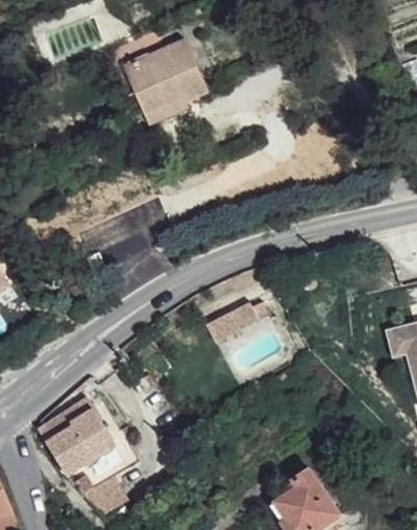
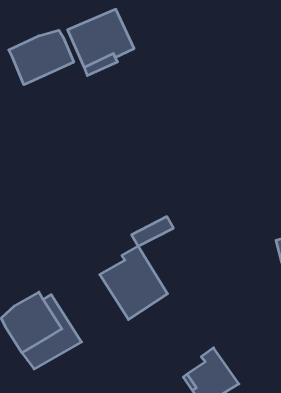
building: none -> [9,30,74,85]
building: none -> [100,246,168,320]

